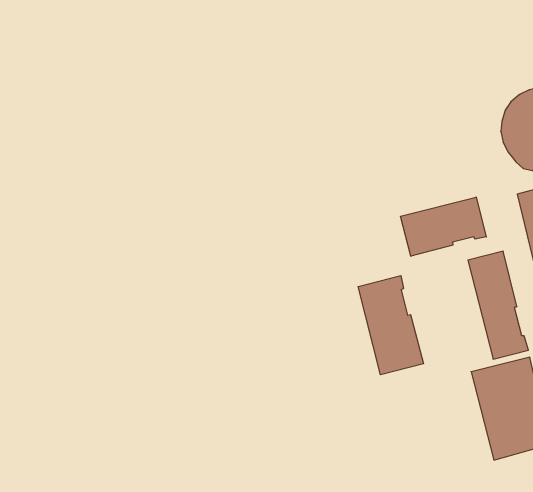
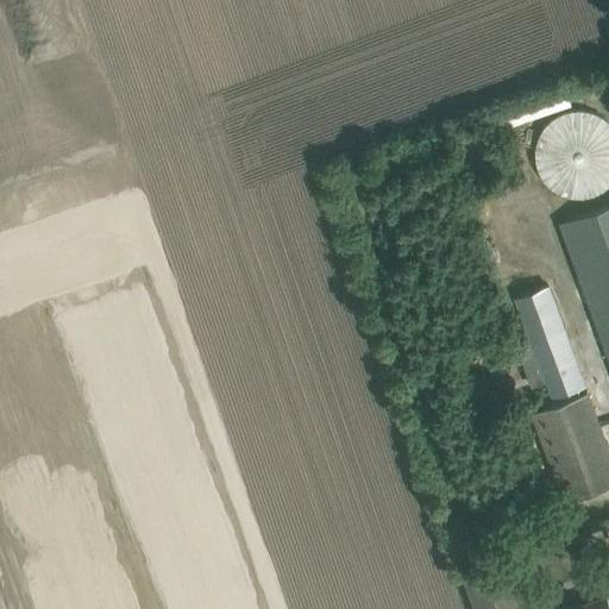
building: [401,197,486,256] -> none
building: [358,276,423,375] -> none

